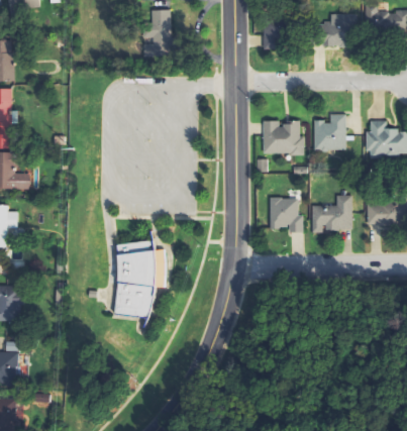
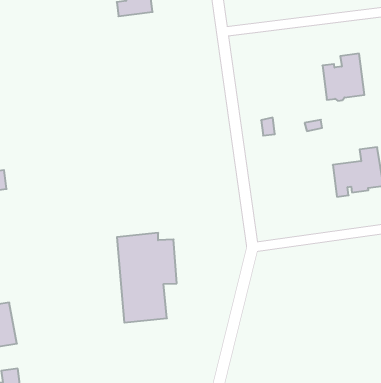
building: [261,120,303,154] -> none
building: [268,198,302,232] -> none

